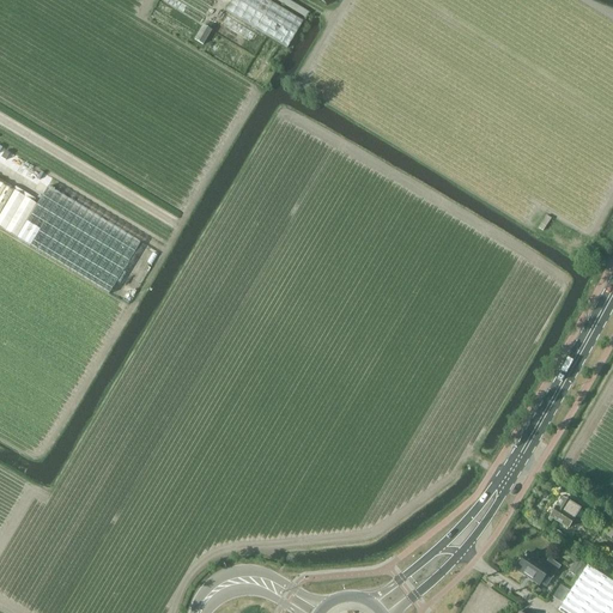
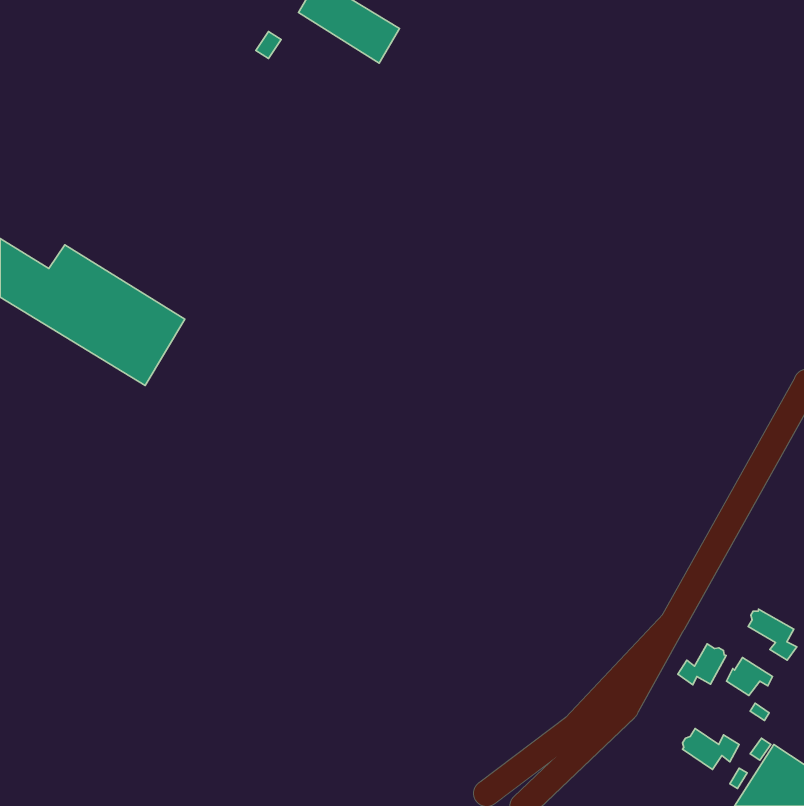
building: none -> [748,609,797,660]
building: none -> [678,644,726,685]

